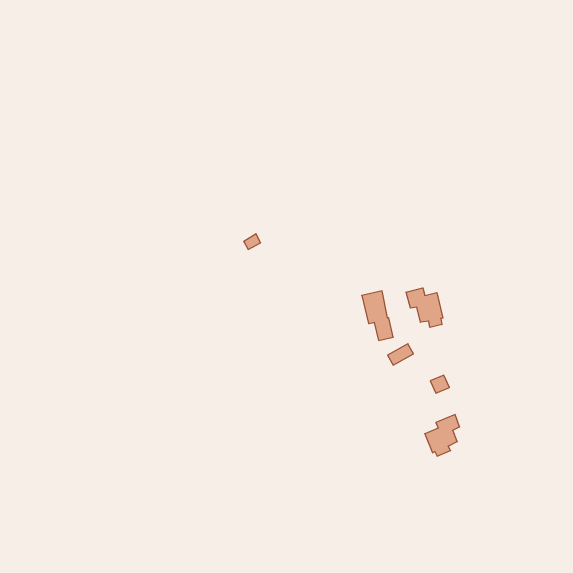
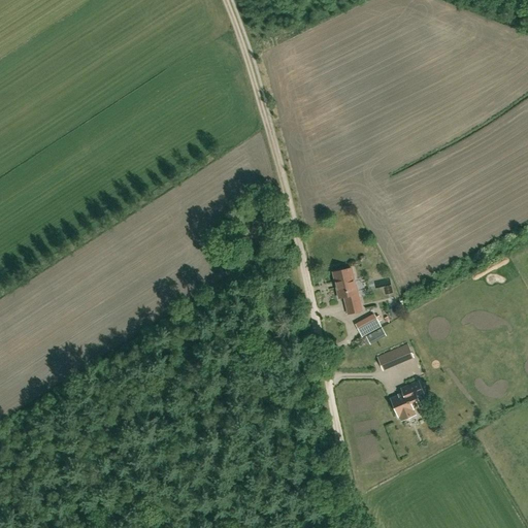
building: [406,288,443,327] -> none

